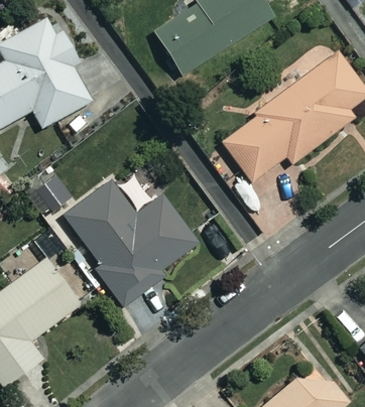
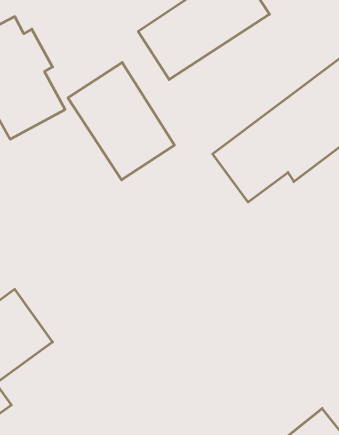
building: none -> [68,62,174,180]
building: [65,181,198,306] -> none

